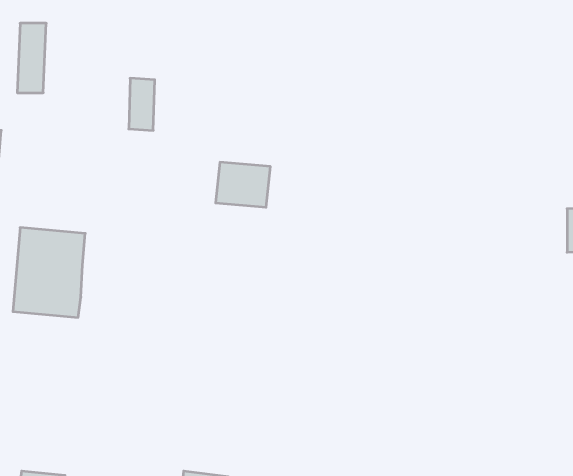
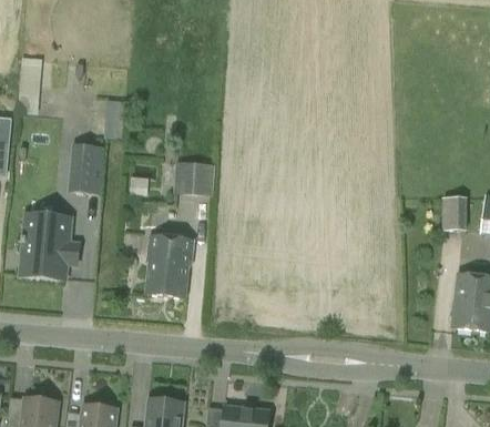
building: none -> [68,143,105,193]
building: none -> [145,233,193,296]

